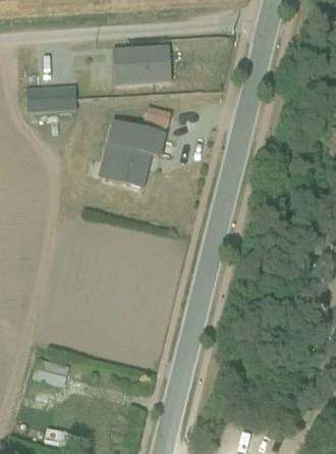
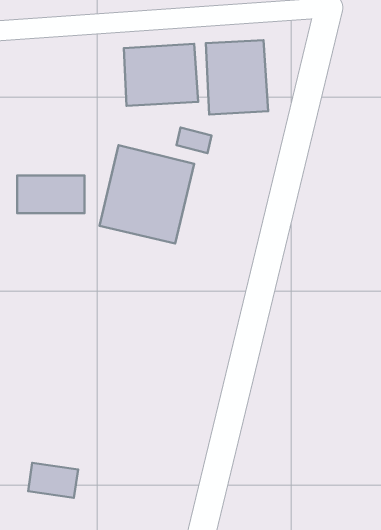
building: none -> [206,40,268,115]
building: [26,80,77,108] -> [17,175,85,213]

